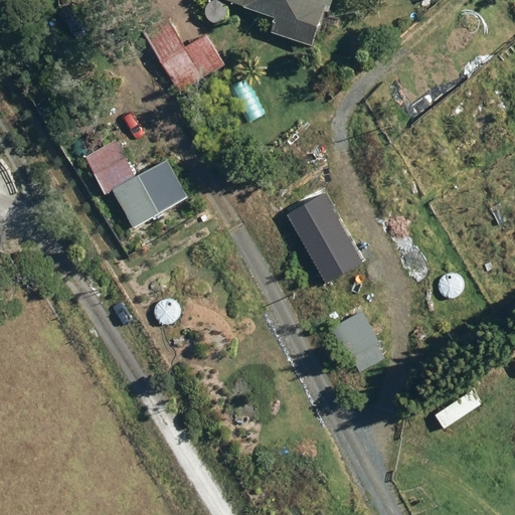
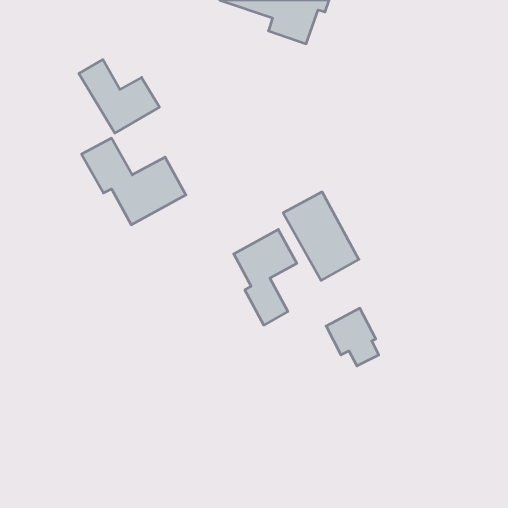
building: [143,16,224,91] -> [79,60,159,133]
building: none -> [234,229,297,325]

